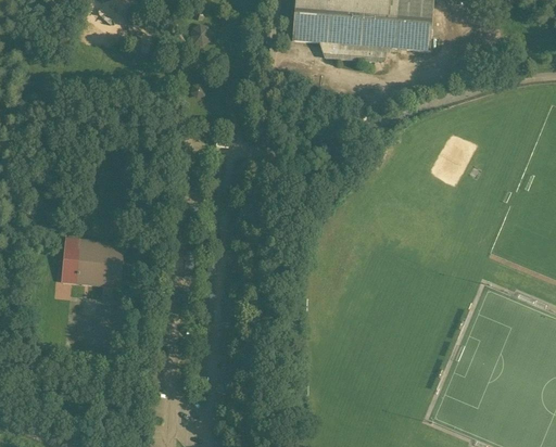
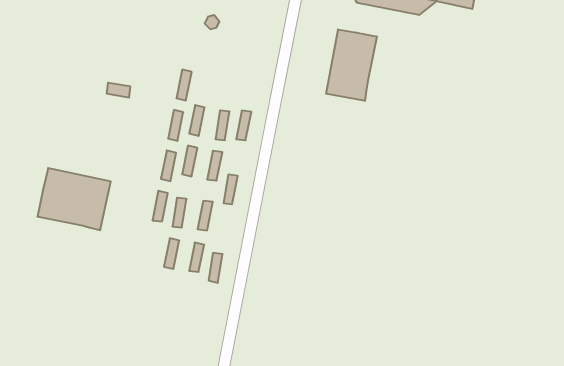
building: none -> [326,29,377,101]

